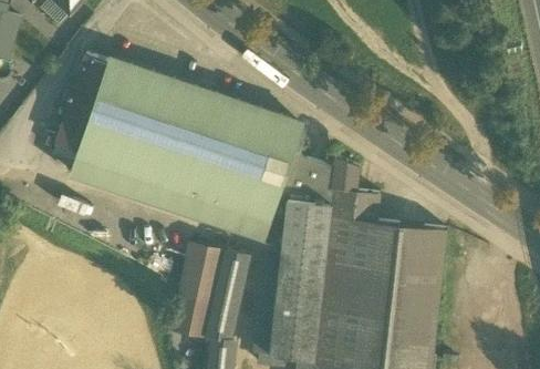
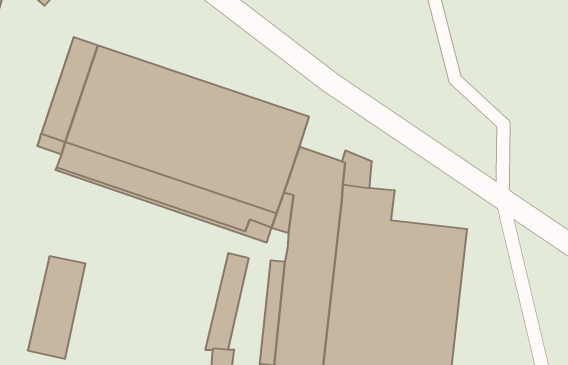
building: [172,243,225,337] -> [28,256,86,359]

